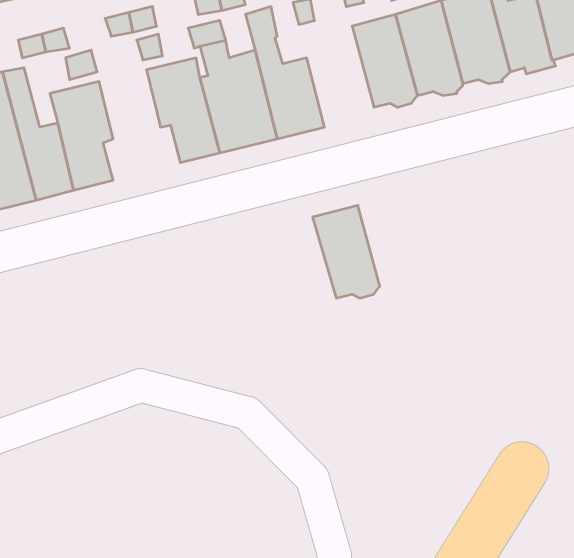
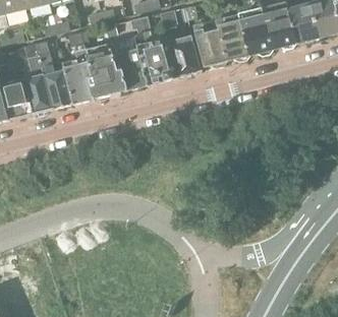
building: none -> [86,42,127,99]
building: [313,205,380,298] -> [192,19,227,67]

